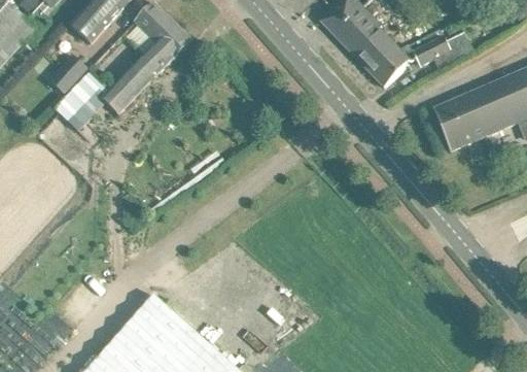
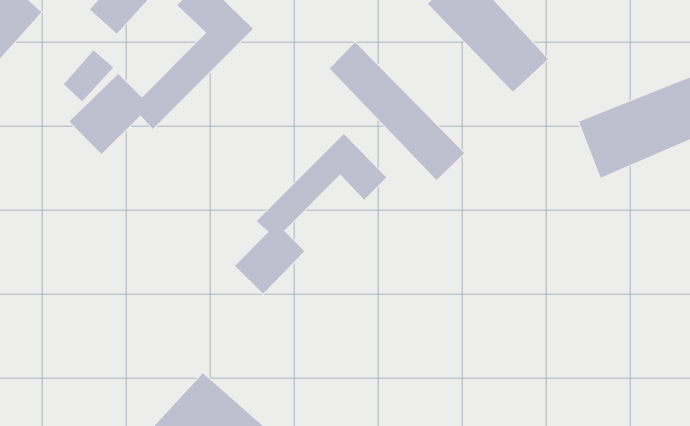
building: [412,31,475,70] -> none
building: none -> [329,42,465,181]
building: none -> [234,133,387,295]

